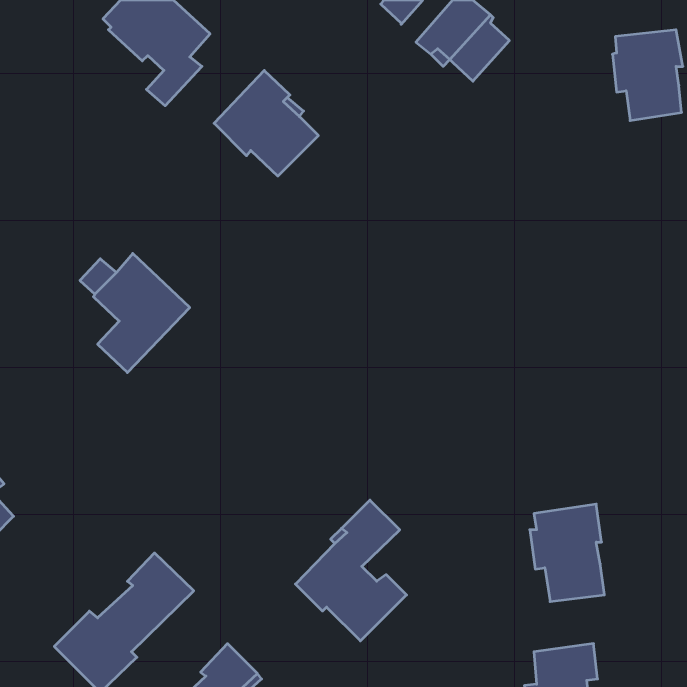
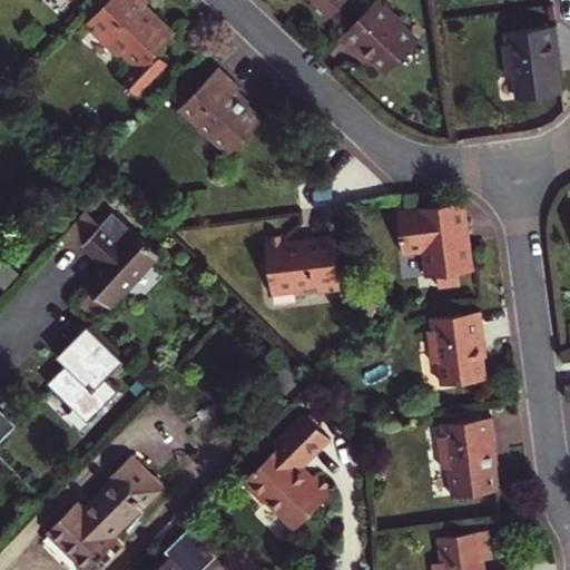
building: none -> [399,203,475,291]
building: none -> [265,237,341,299]
building: none -> [429,327,487,403]
building: none -> [46,328,121,425]

